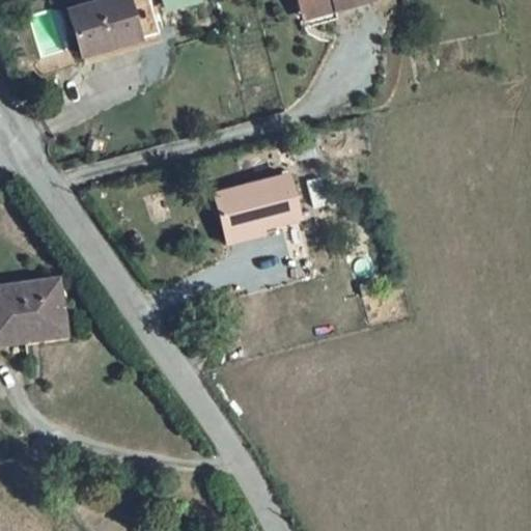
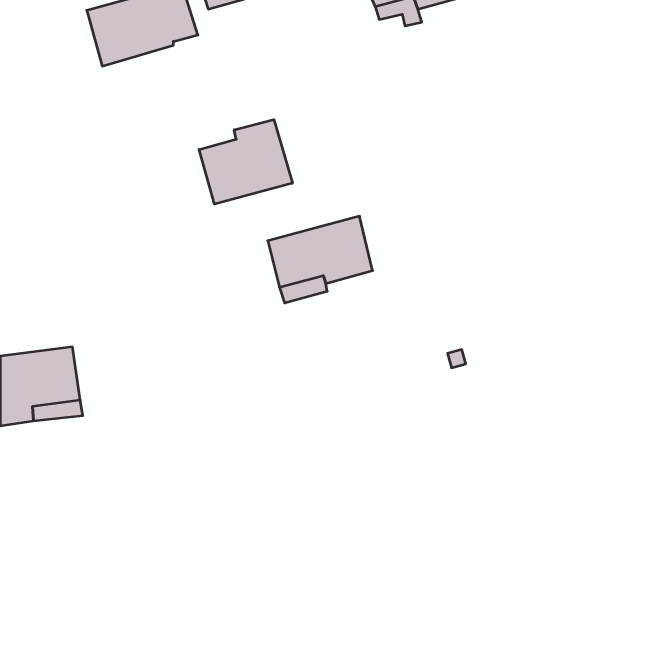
building: none -> [199,120,292,204]

